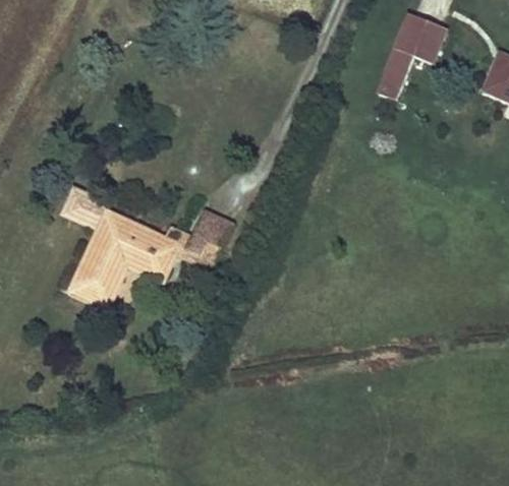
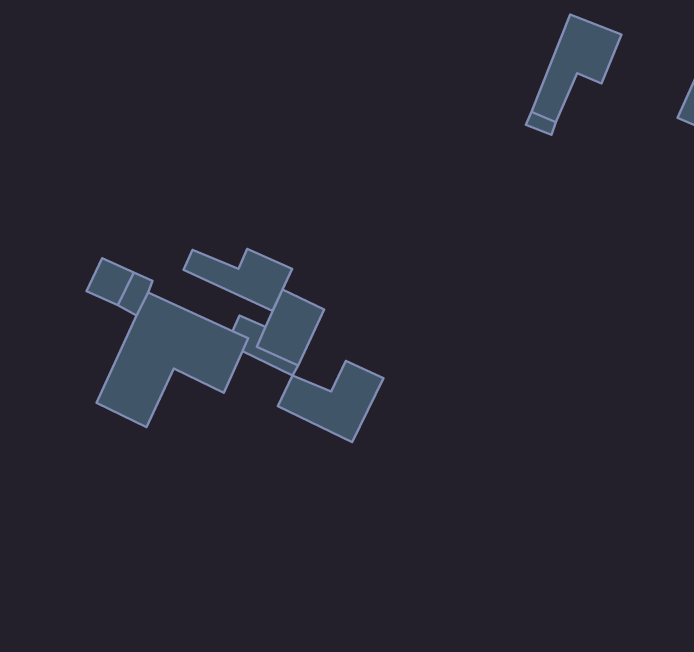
building: none -> [184,249,292,311]
building: none -> [278,361,384,442]

